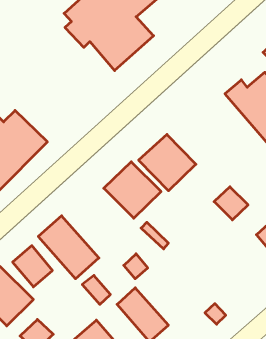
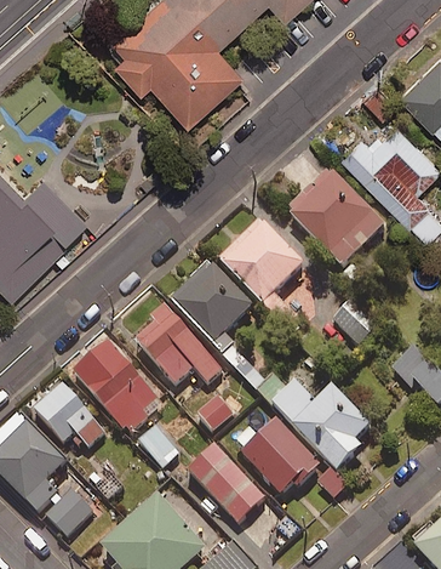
building: none -> [290,176,385,273]
building: none -> [138,301,225,383]
building: none -> [274,379,378,466]
building: none -> [240,416,317,495]

